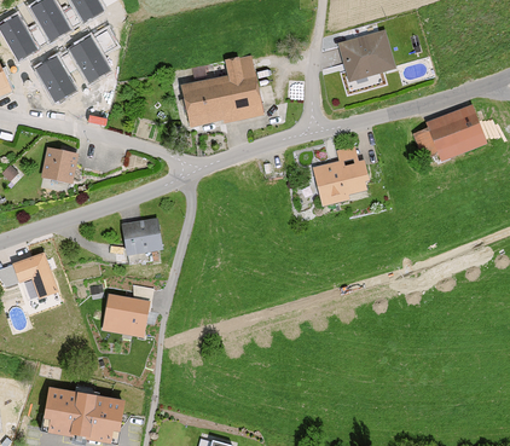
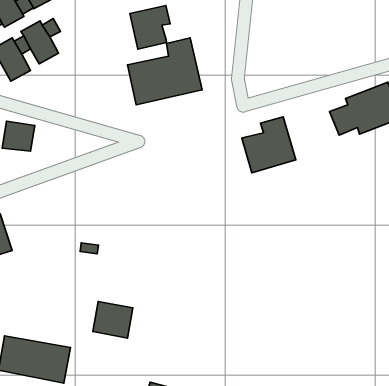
building: none -> [130,6,170,49]
building: [340,28,399,81] -> none
building: [120,219,161,255] -> none
building: [102,297,146,338] -> [93,301,133,338]

